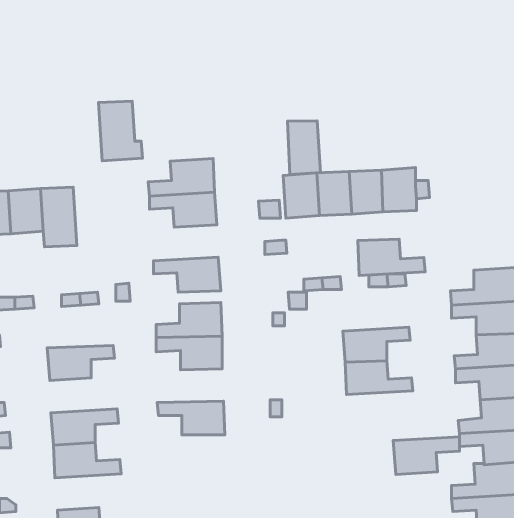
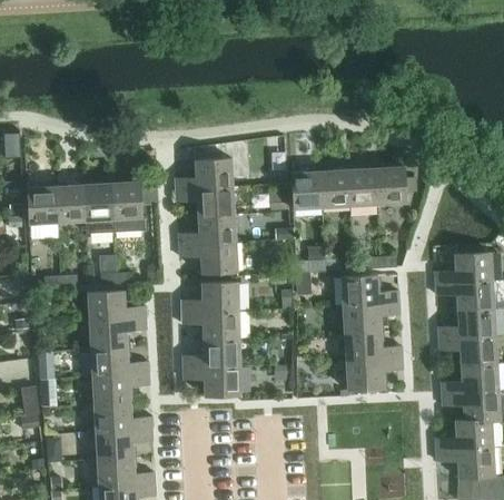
building: [98,101,143,161] -> [110,182,148,233]
building: [287,121,321,174] -> none
building: none -> [178,215,235,246]
building: [358,239,425,276] -> [340,275,398,306]
building: none -> [87,291,145,321]
building: none -> [182,339,239,367]
building: none -> [90,346,148,376]
building: [393,437,459,474] -> [345,357,402,390]
building: none -> [95,429,151,460]

